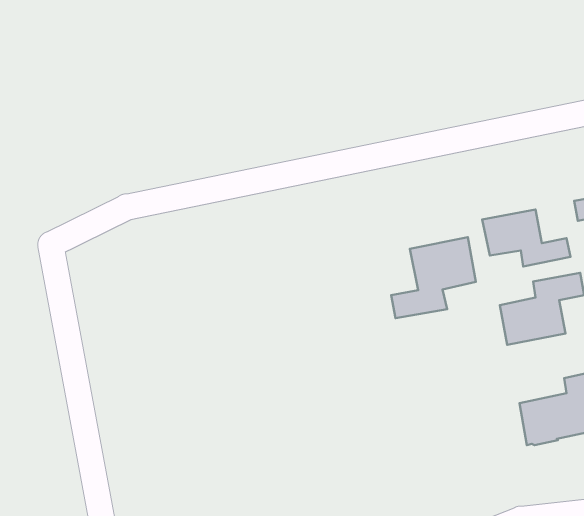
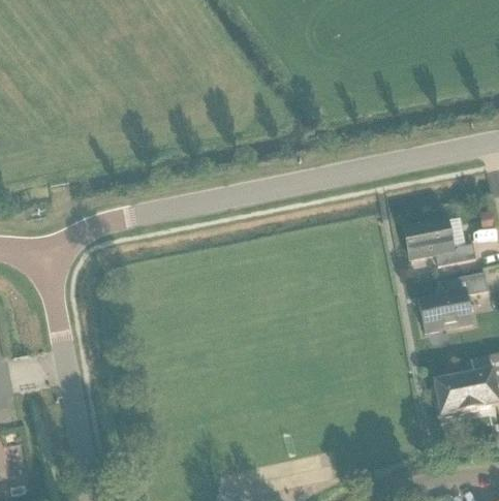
building: [391,237,476,318] -> none

